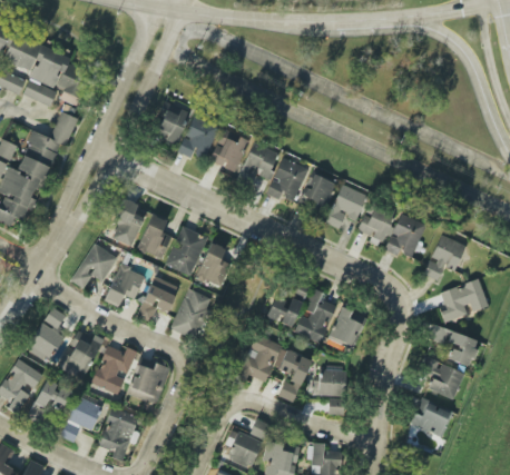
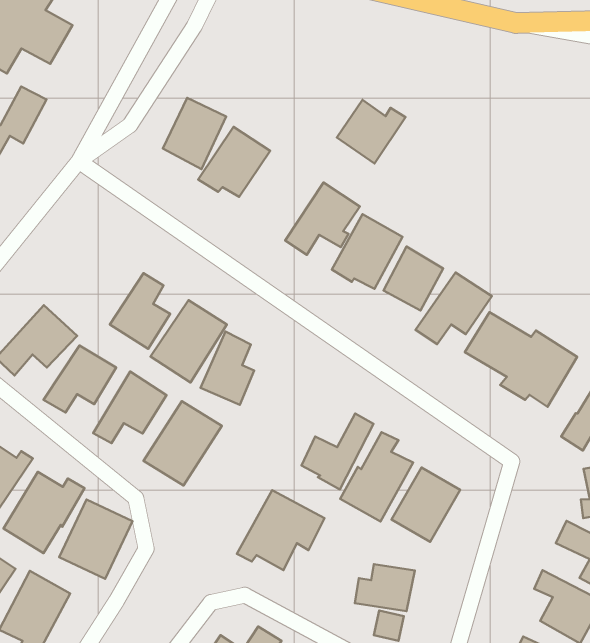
building: [209,135,249,172] -> [337,100,406,164]
building: [112,198,145,247] -> none
building: [278,350,311,403] -> none

